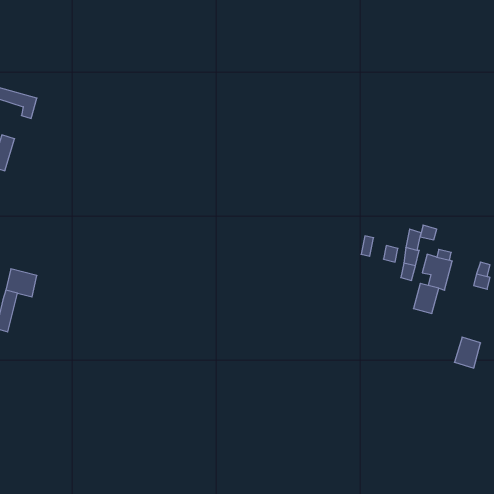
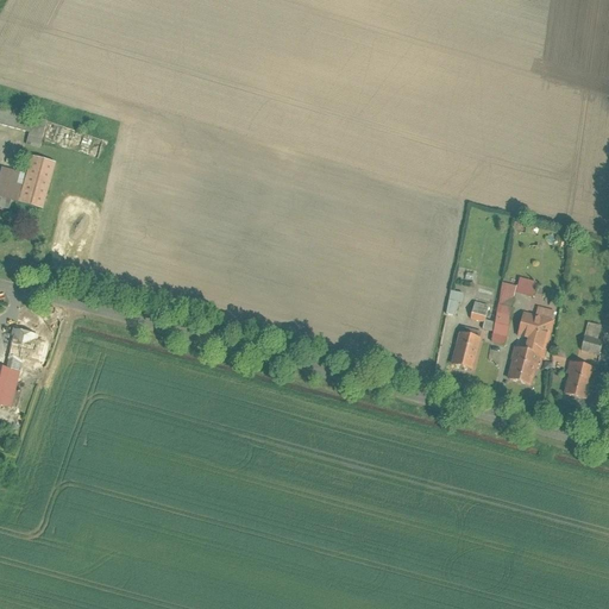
building: none -> [17,153,55,208]
building: none -> [451,331,481,369]
building: [454,337,481,368] -> [564,362,596,400]

